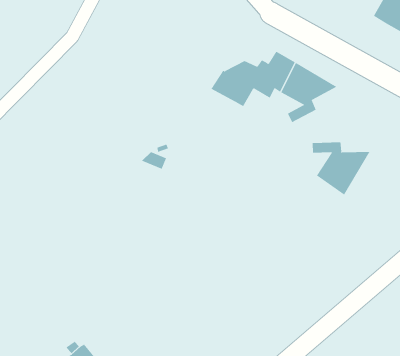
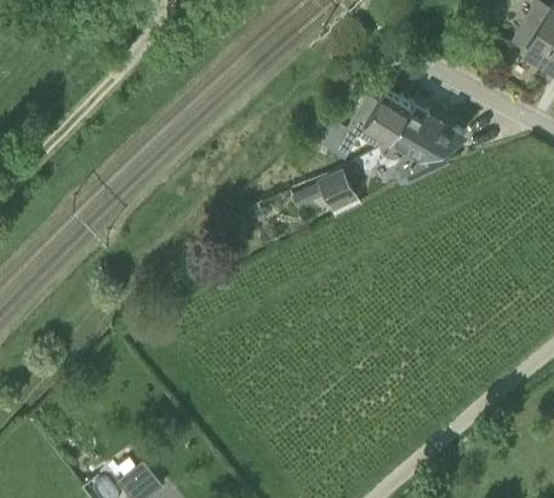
building: none -> [291,170,362,219]
building: [312,141,370,195] -> none

